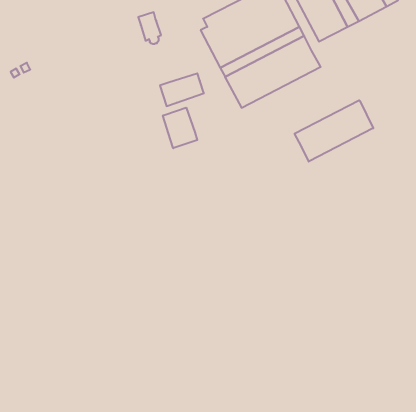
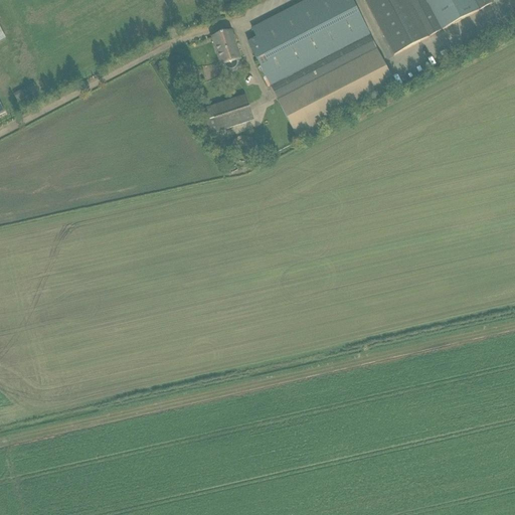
building: [138,12,161,44] -> [211,26,239,65]
building: [295,100,373,162] -> none
building: [163,108,197,148] -> none

